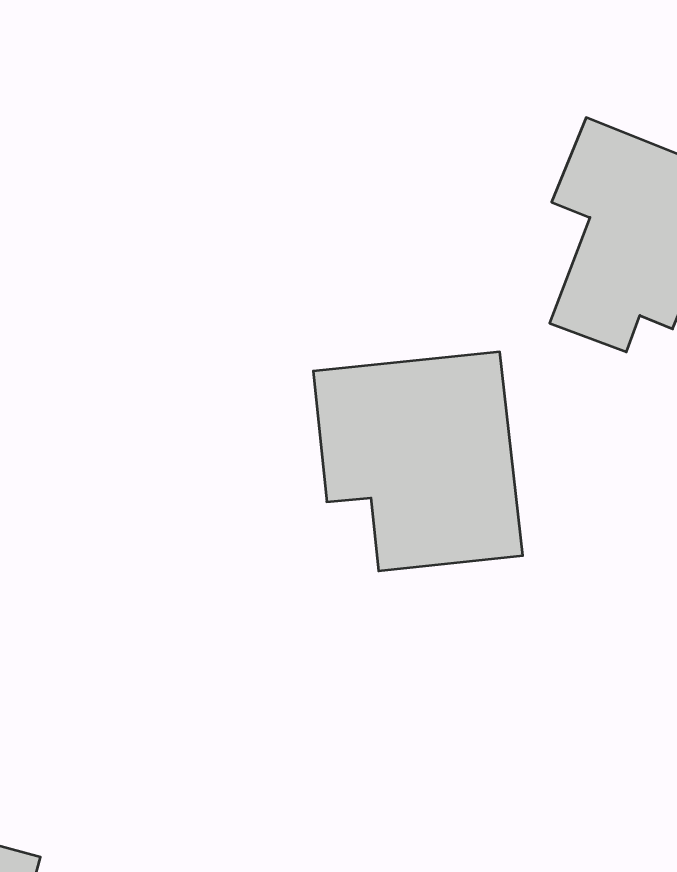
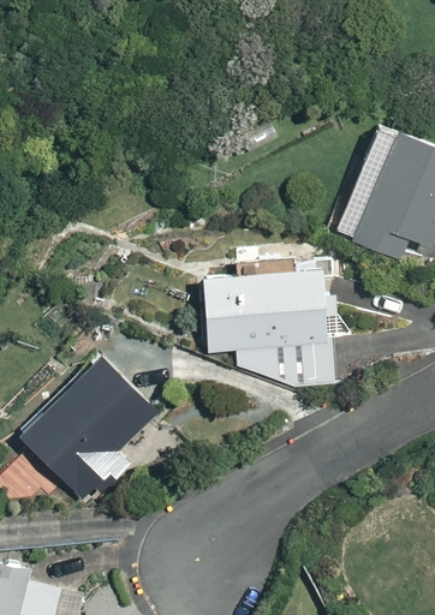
building: none -> [14,353,159,512]

